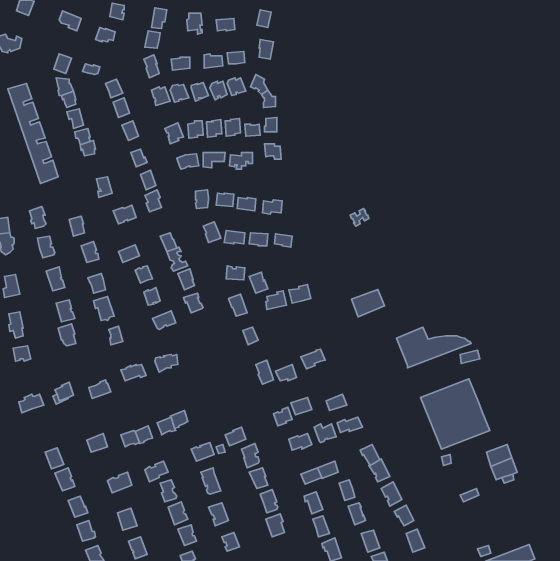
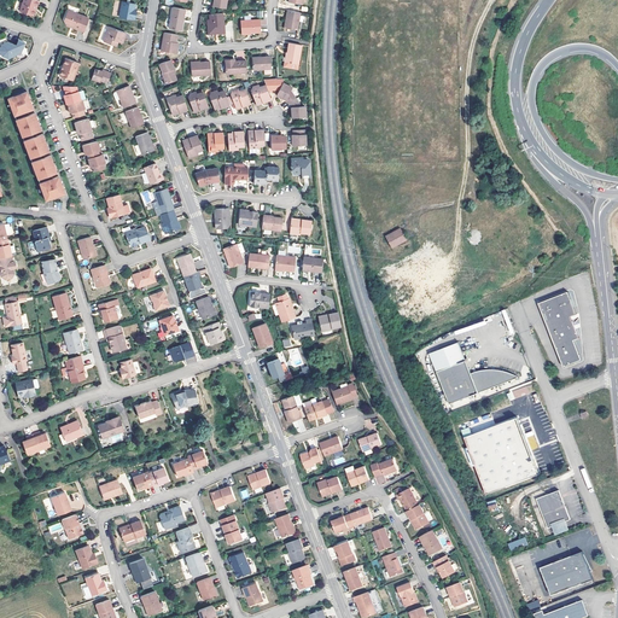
building: none -> [536,292,579,367]
building: [351,289,384,317] -> [428,342,465,372]
building: none -> [538,550,591,595]

